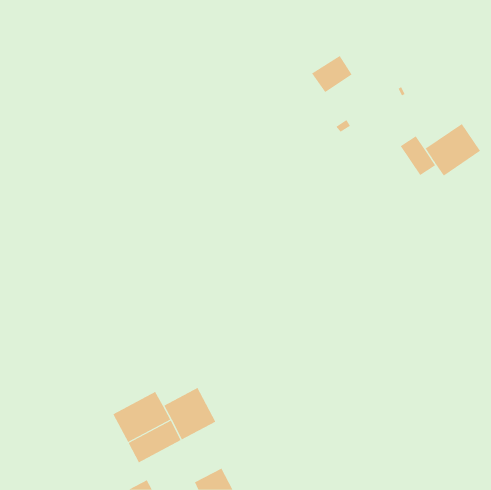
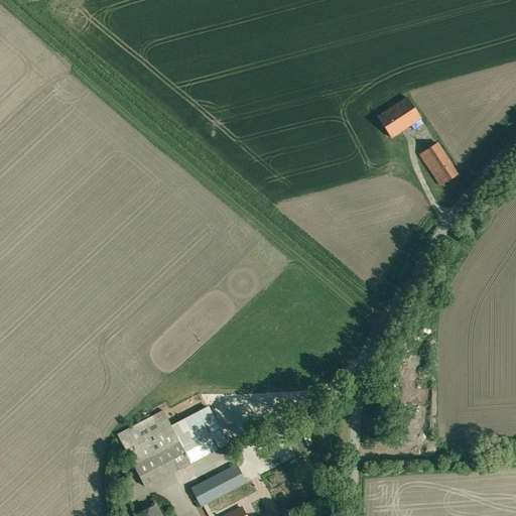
building: [311,55,353,93] -> [377,97,420,136]
building: [425,123,481,176] -> none
building: none -> [191,464,246,505]

